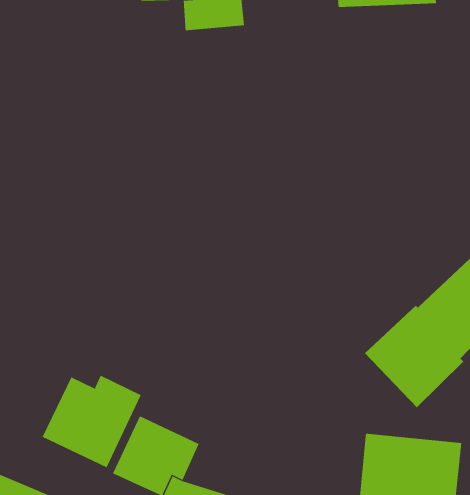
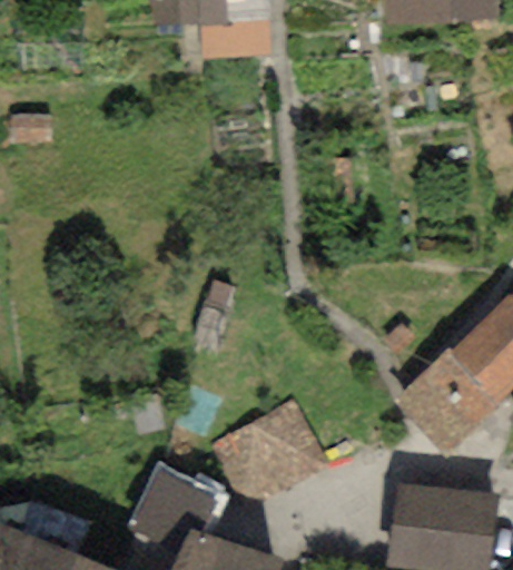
building: none -> [213,400,331,511]
building: [42,375,141,468] -> none

